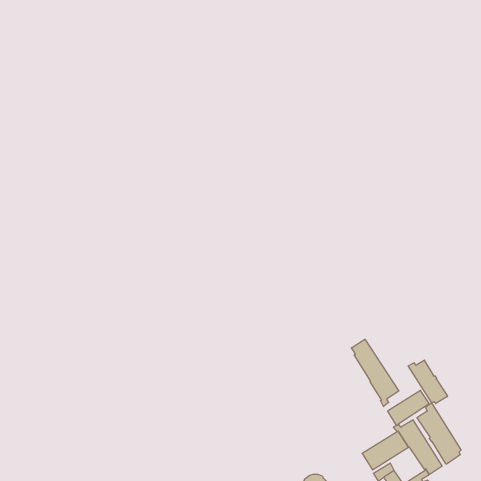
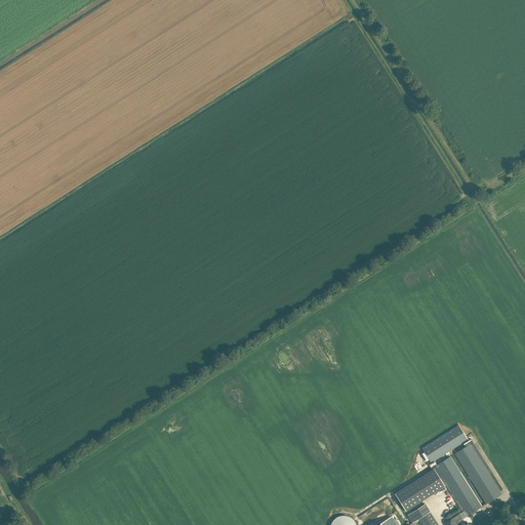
building: [351,339,399,407] -> none
building: [408,360,447,404] -> none

